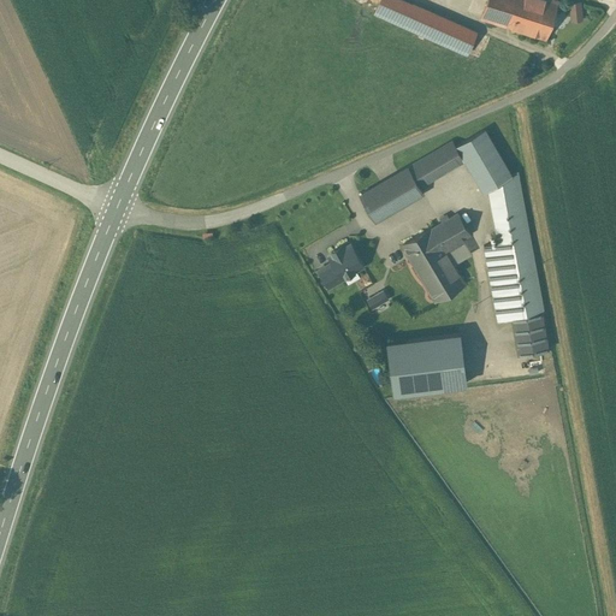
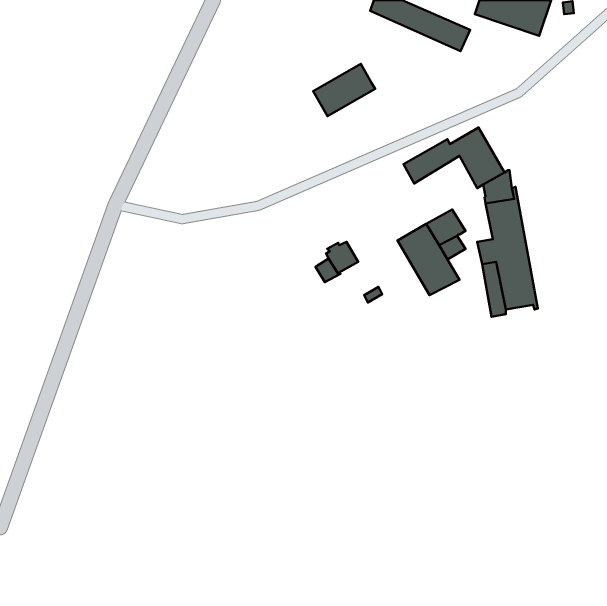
building: [361,168,424,221] -> [313,64,375,116]
building: [513,310,549,356] -> none
building: [389,334,467,393] -> none

